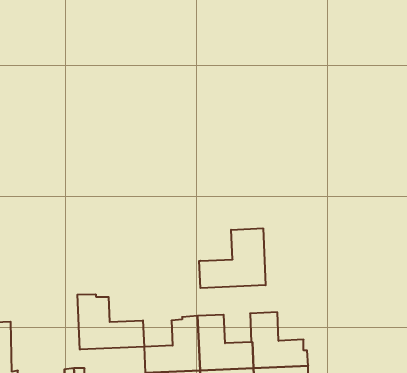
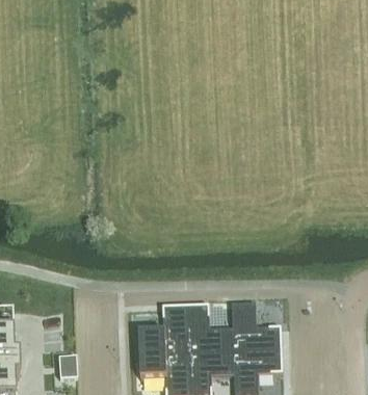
building: [199,228,266,288] -> none
building: [77,294,144,350] -> none

